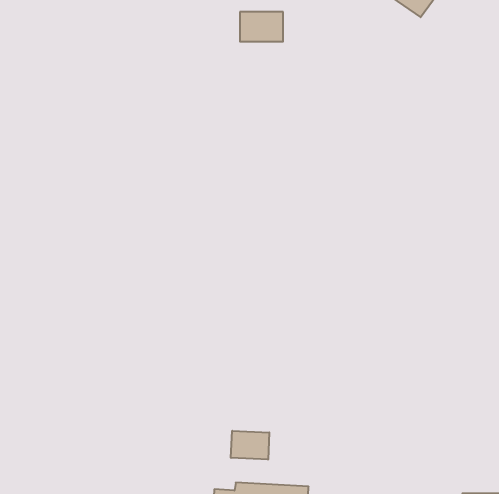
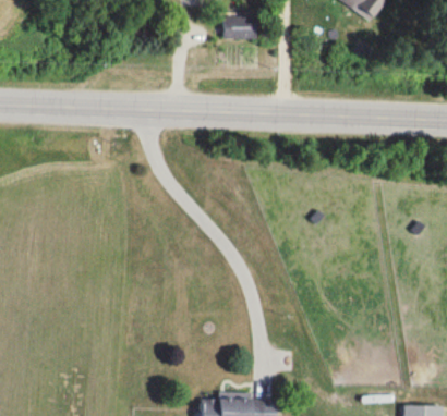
building: [231,431,269,460] -> none

